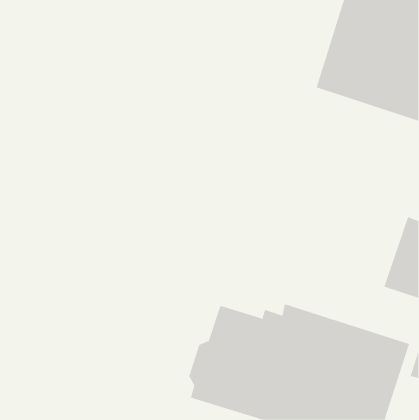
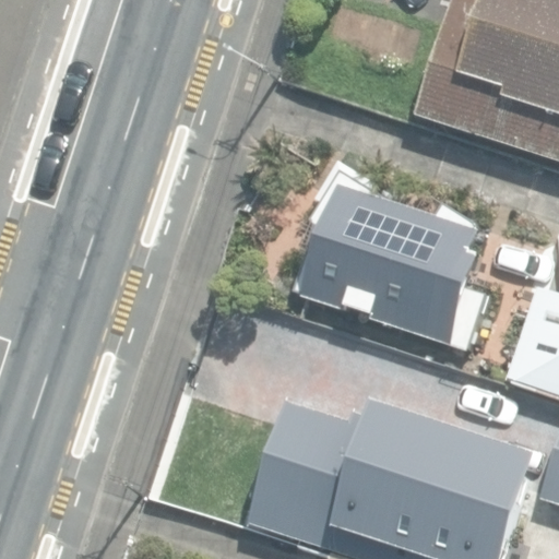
building: none -> [294,159,488,352]

